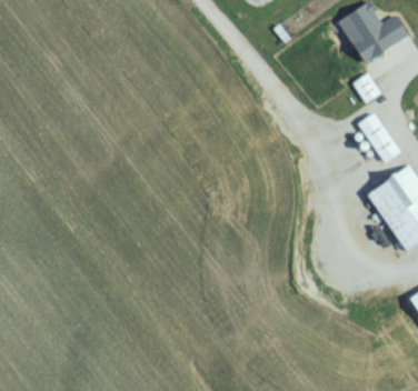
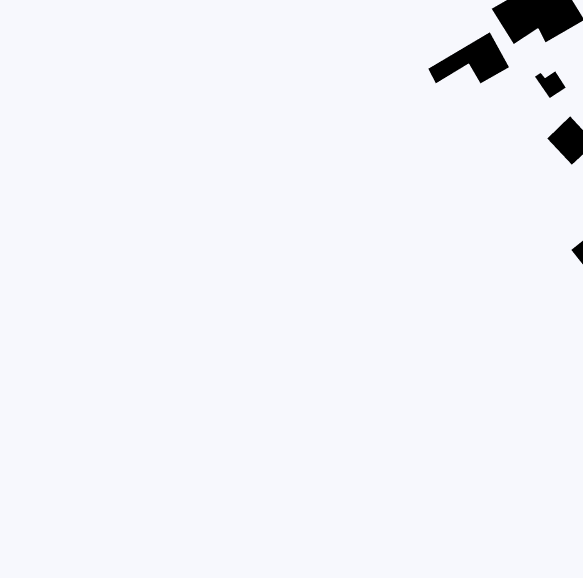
building: none -> [427,31,510,85]

